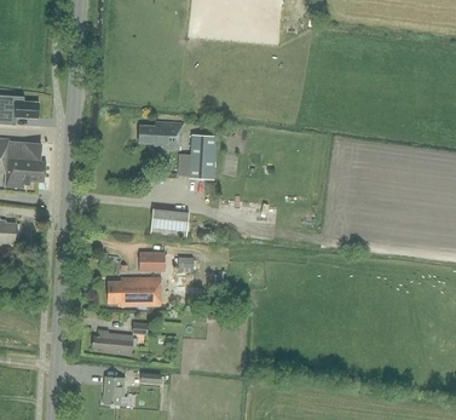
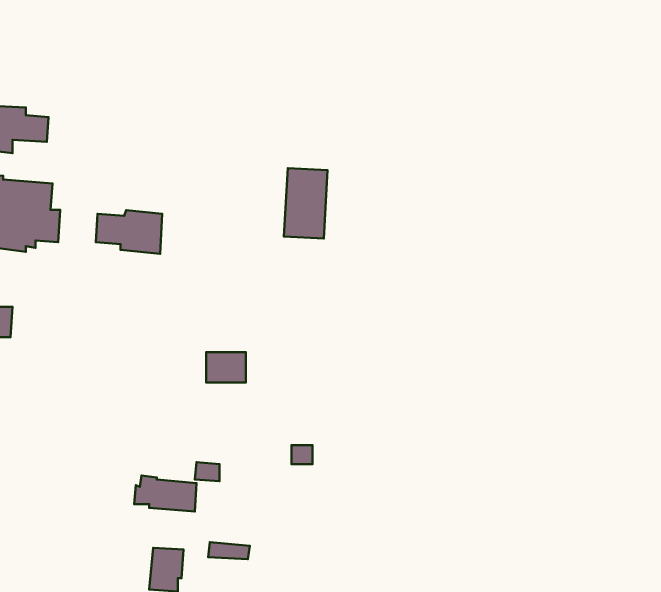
building: [138,121,180,149] -> [96,210,162,254]
building: [150,206,187,232] -> none
building: [108,277,160,305] -> none

